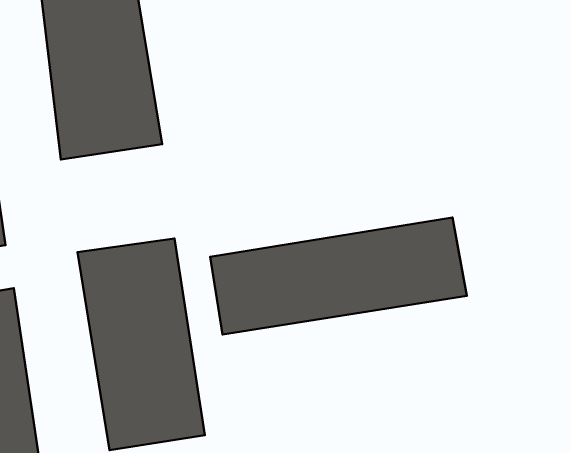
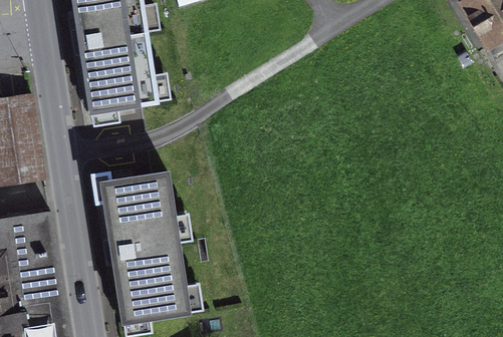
building: [210,217,467,335] -> none

